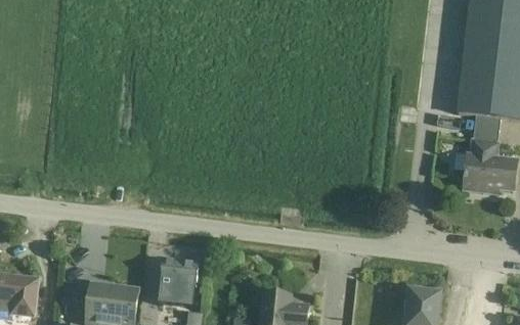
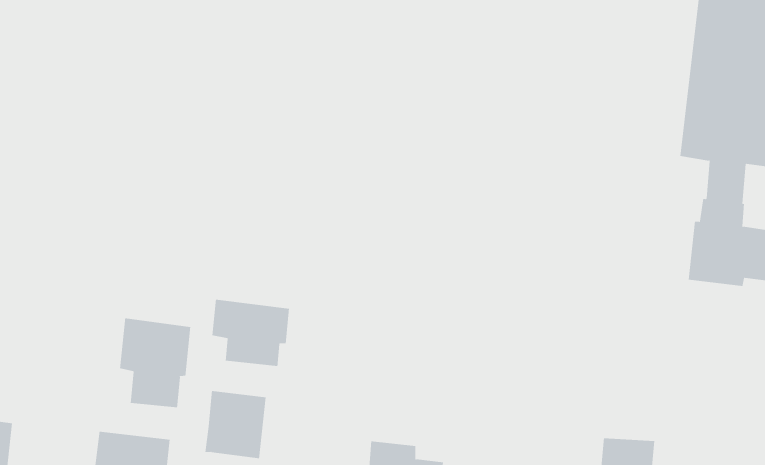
building: none -> [212,299,290,367]
building: none -> [119,317,191,408]

